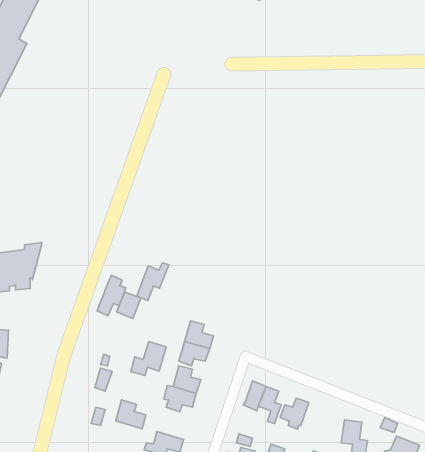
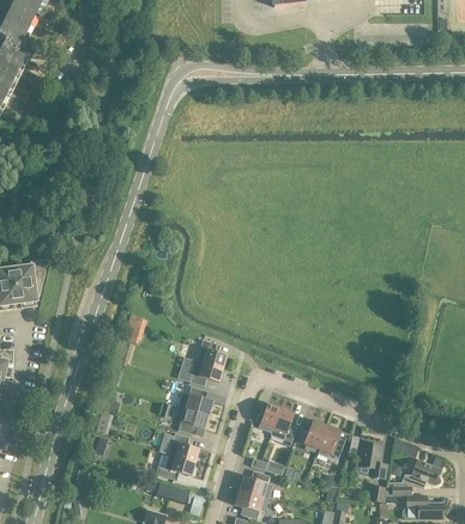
building: [137,263,169,301] -> none
building: [97,275,126,316] -> none
building: [131,341,166,376] -> none
building: [116,400,146,429] -> [167,432,198,462]
building: none -> [316,424,343,456]

